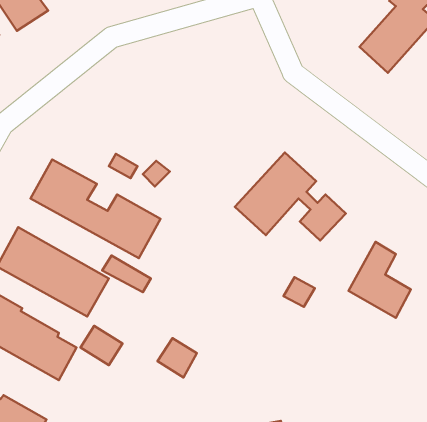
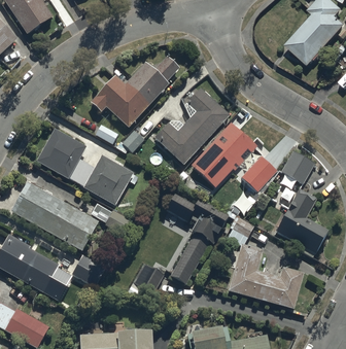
building: none -> [91,58,179,126]
building: none -> [153,89,230,166]
building: none -> [282,152,311,181]
building: none -> [167,196,223,283]
building: none -> [230,245,300,309]

